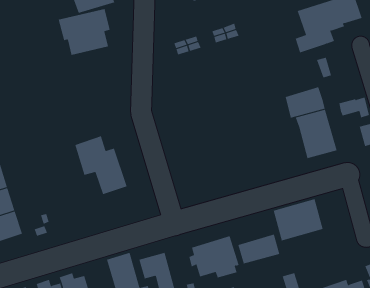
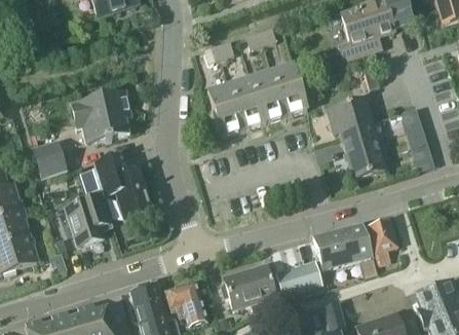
building: [58,8,111,56] -> [73,90,131,143]
building: none -> [207,63,308,136]
building: none -> [34,141,67,176]
building: none -> [66,169,112,245]
building: none -> [367,218,398,263]

